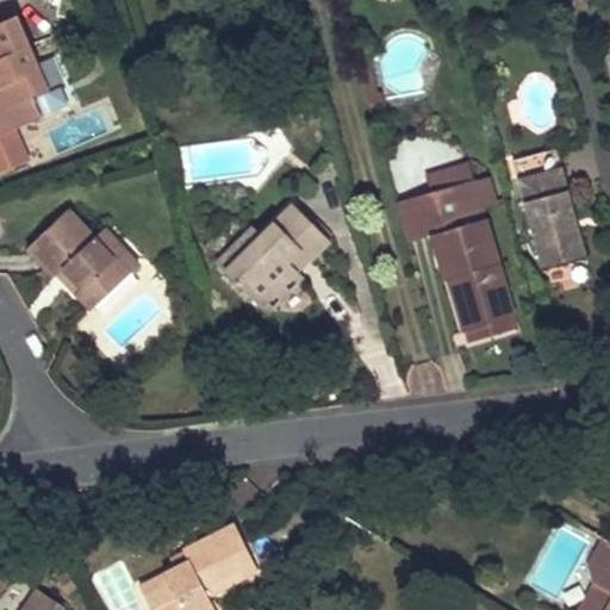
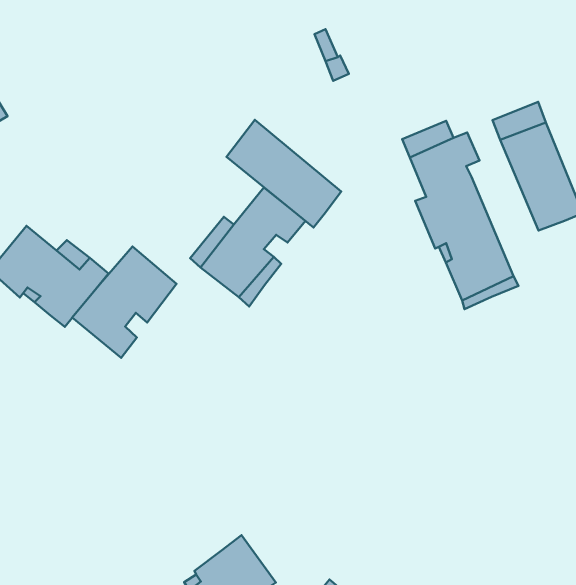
building: none -> [227,120,341,227]
building: [394,193,442,242] -> none
building: none -> [72,246,177,358]

